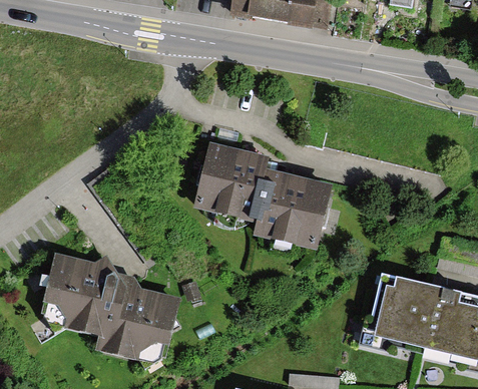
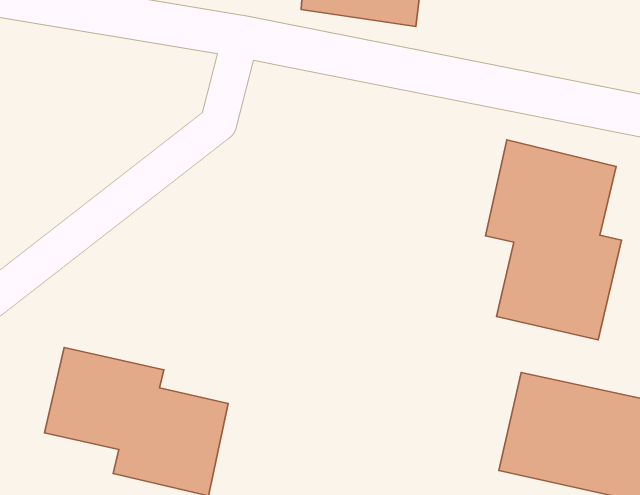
building: none -> [485,140,622,340]
building: [200,141,333,247] -> none

